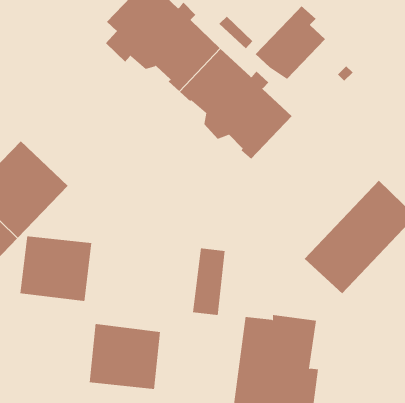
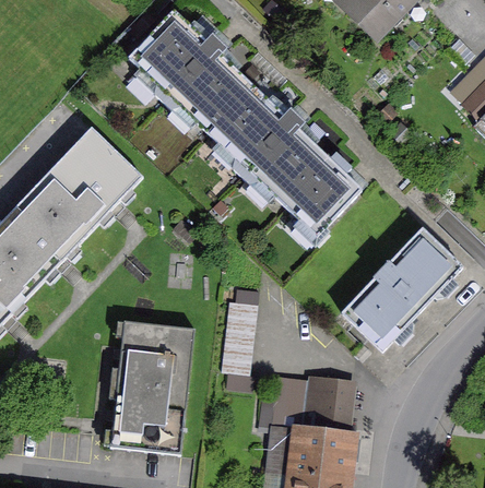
building: [255,6,326,80] -> [284,154,360,234]
building: none -> [36,128,143,235]
building: [19,236,92,301] -> [116,321,194,392]

